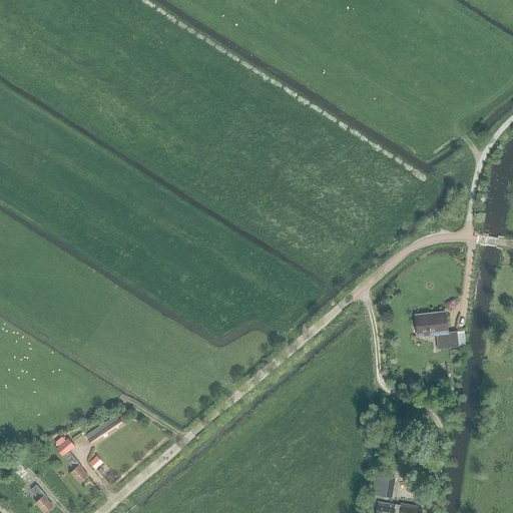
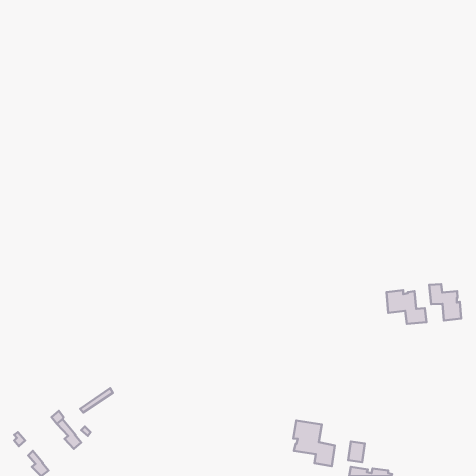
building: none -> [429,284,461,320]
building: none -> [293,421,335,466]

